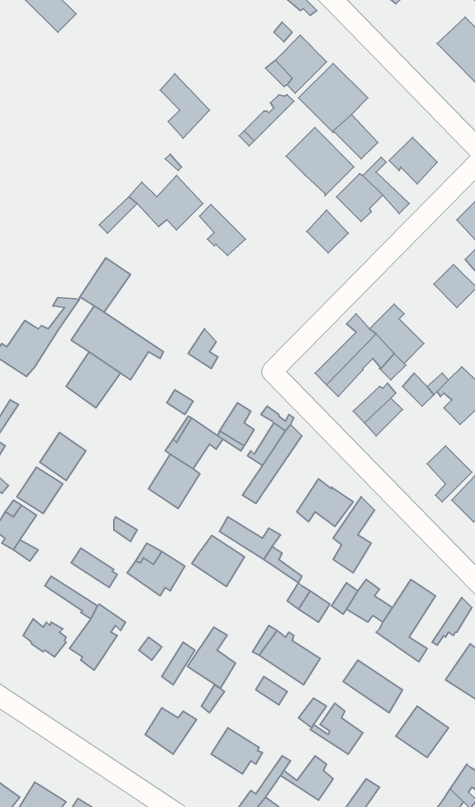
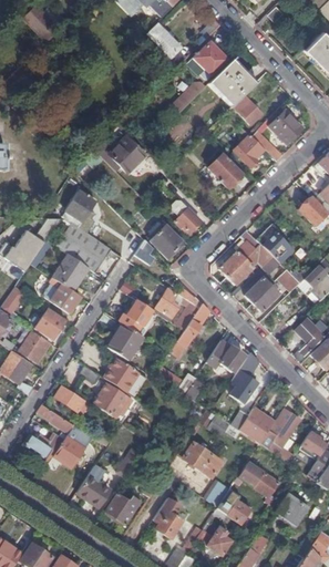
building: [160,74,209,138] -> [148,23,182,66]
building: [286,128,354,195] -> none
building: [199,205,246,256] -> [171,198,202,233]
building: none -> [151,225,184,258]
building: none -> [43,278,82,315]
building: [192,535,245,587] -> [104,358,140,392]
building: [188,627,235,688] -> [78,466,110,507]

